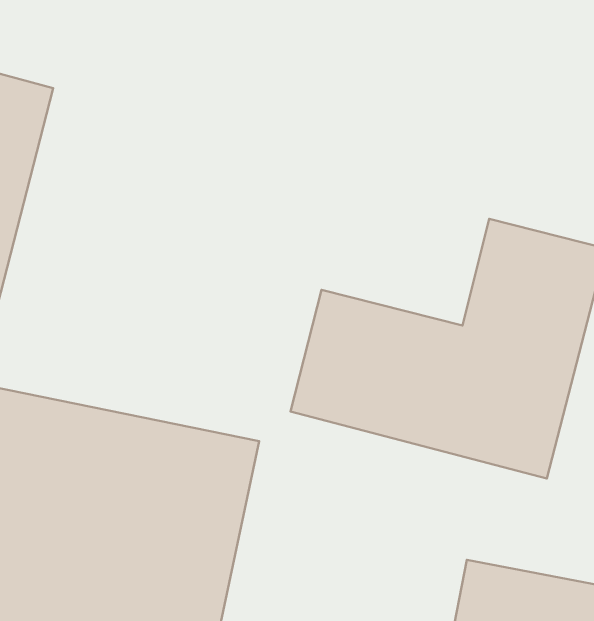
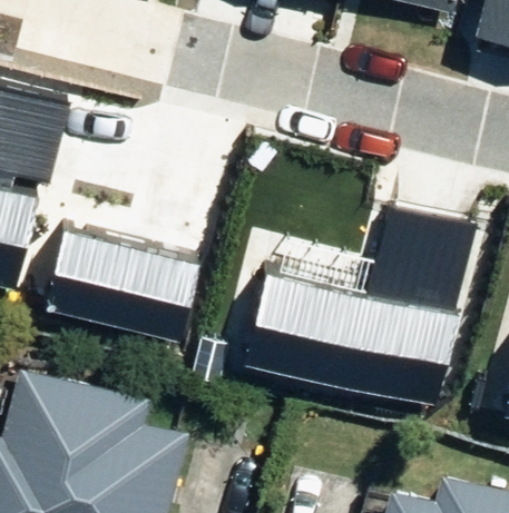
building: none -> [53,229,200,332]

